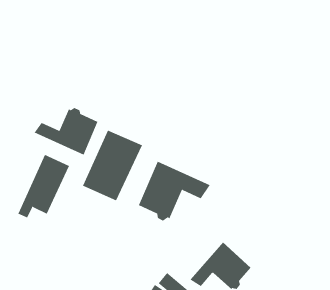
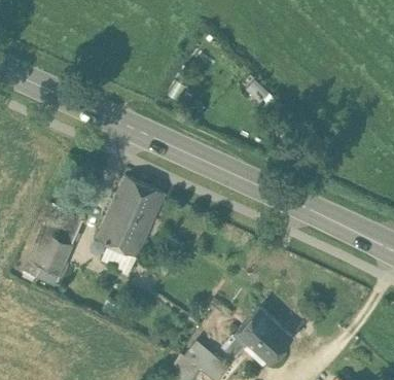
building: [34,107,98,155] -> none
building: [138,161,210,222] -> none

